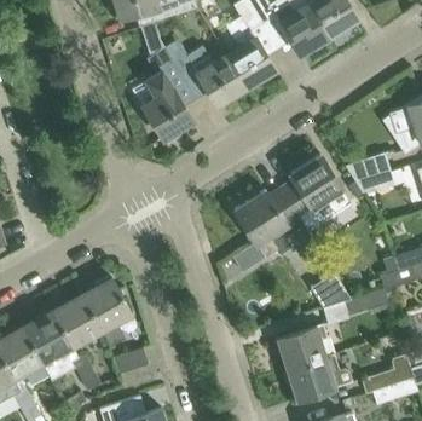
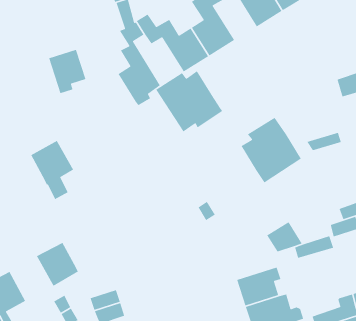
building: none -> [48,49,86,94]
building: [345,152,392,183] -> none
building: [235,188,311,258] -> [155,70,223,133]
building: [82,278,132,346] -> [30,140,74,200]
building: [23,311,71,371] -> none

